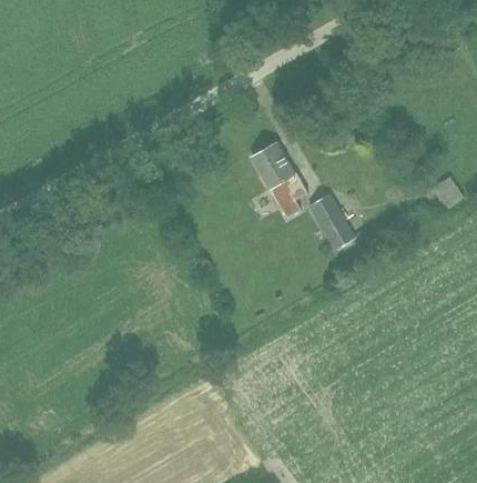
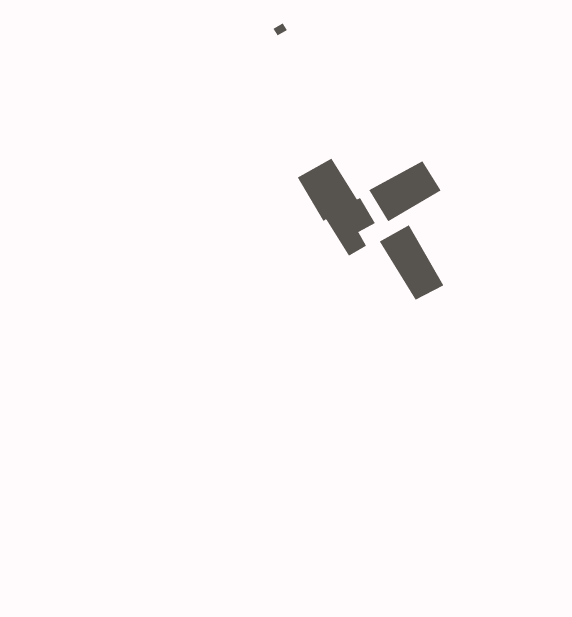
building: none -> [368,161,442,222]

